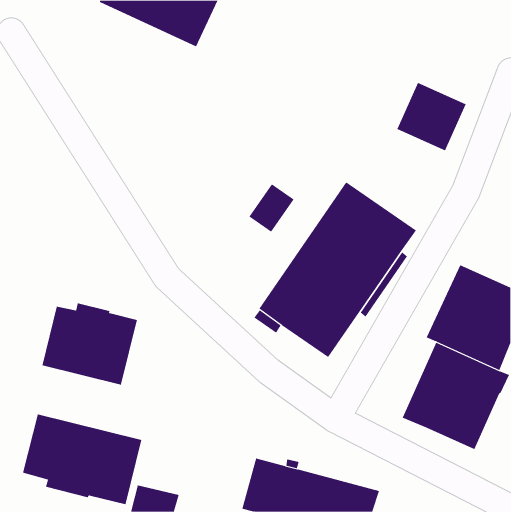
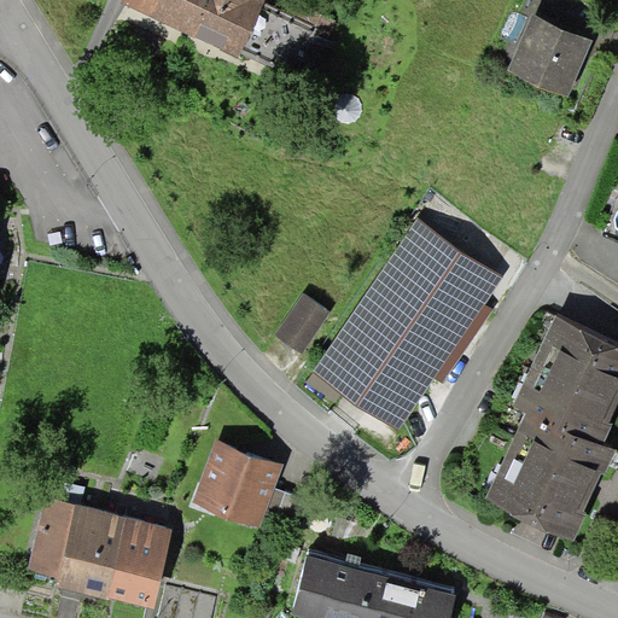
building: [396,82,467,151] -> [507,13,591,97]
building: [249,183,295,232] -> [274,292,330,351]
building: [42,303,138,386] -> none
building: none -> [192,438,282,526]

